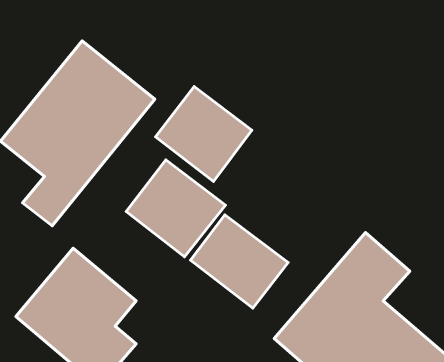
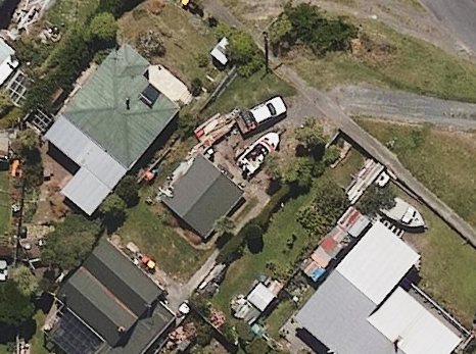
building: [156,86,252,182] -> none
building: [191,215,288,308] -> none

